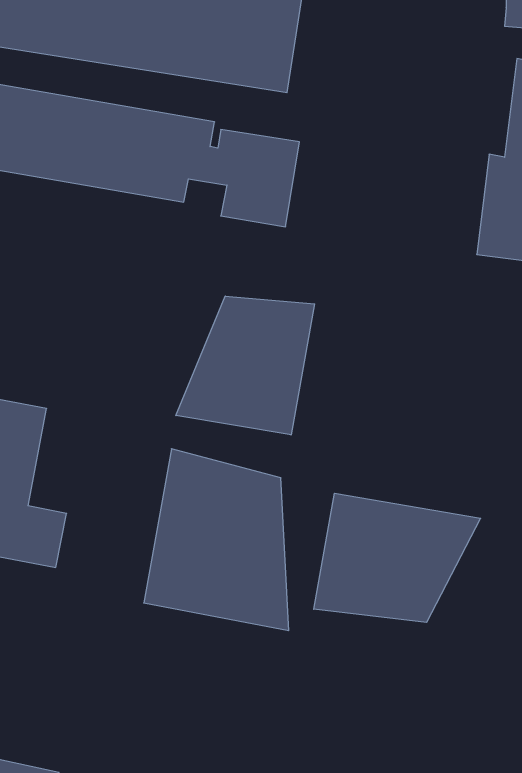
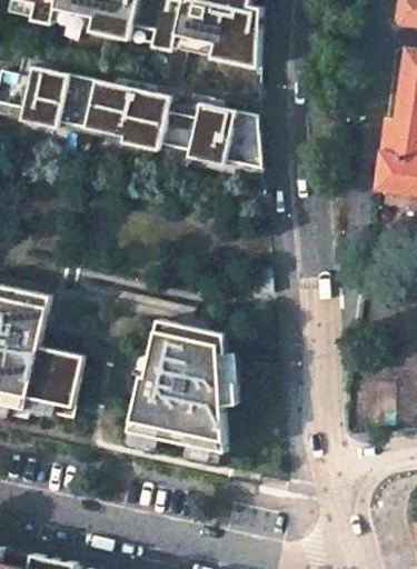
building: [176,296,315,435] -> none
building: [314,493,481,622] -> none

